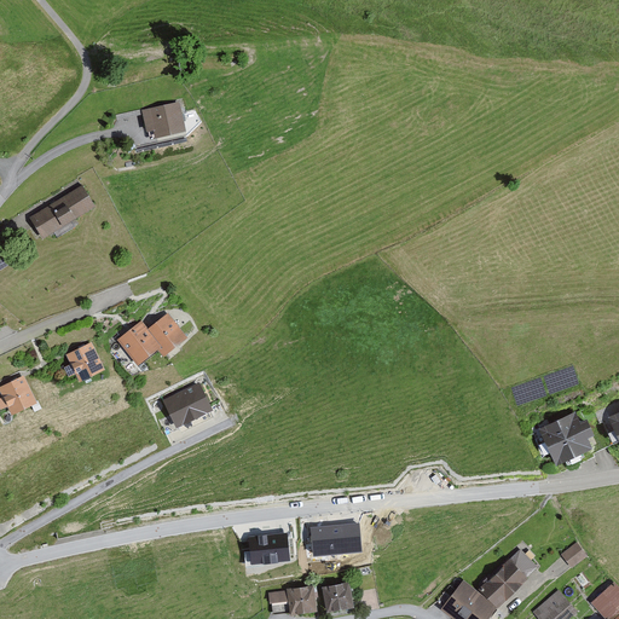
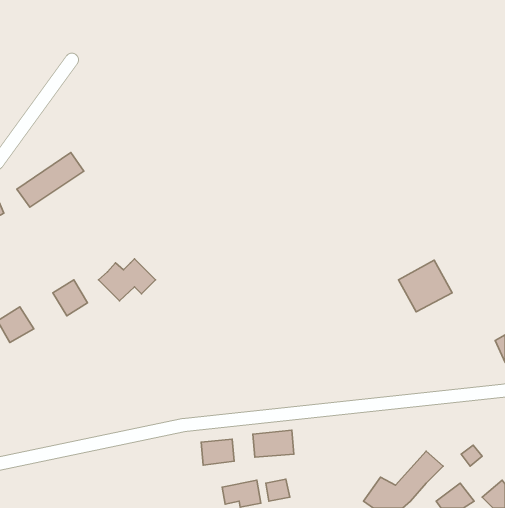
building: [144,100,192,140] -> none
building: [158,382,210,427] -> none
building: [530,403,595,465] -> [398,260,452,312]

